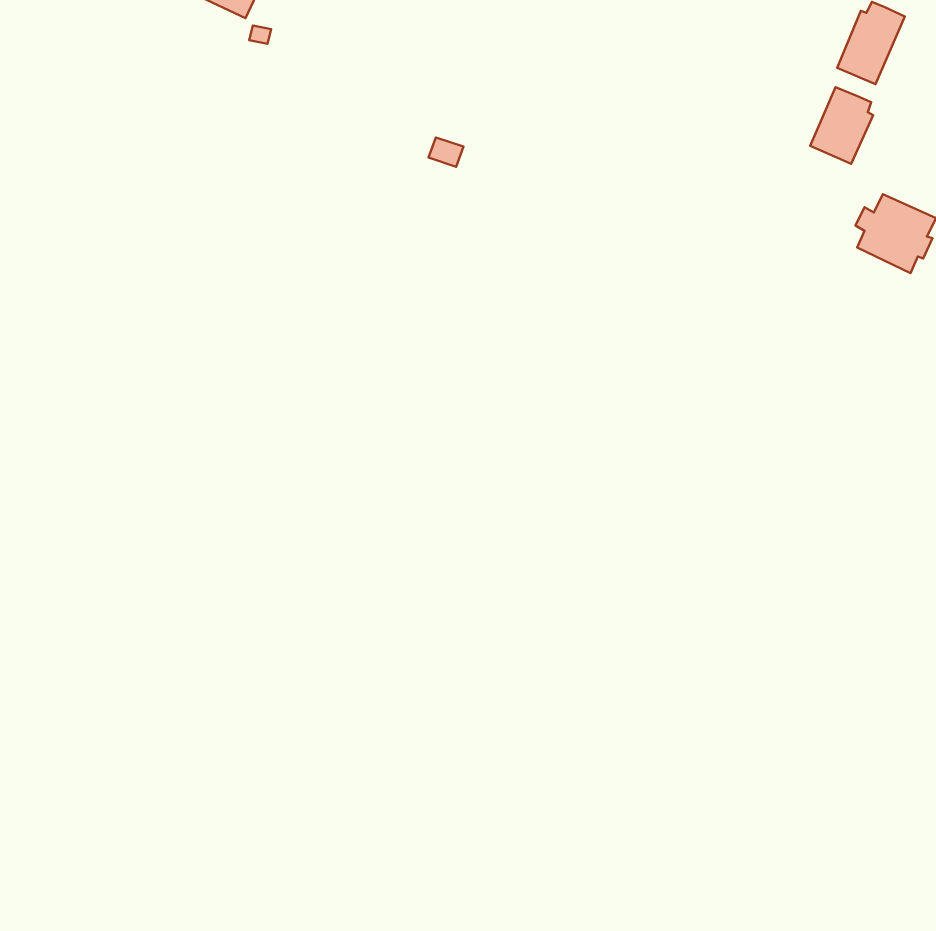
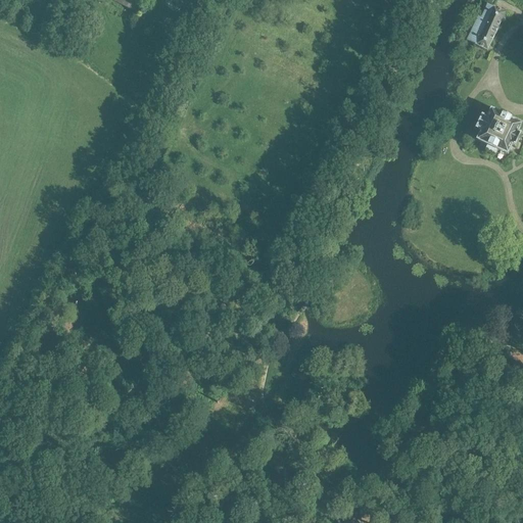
building: [810,87,873,164] -> none

